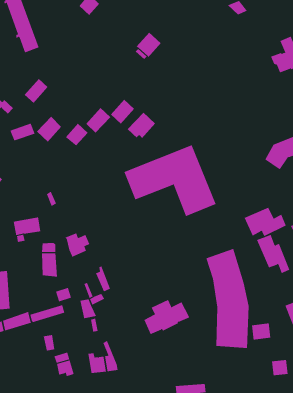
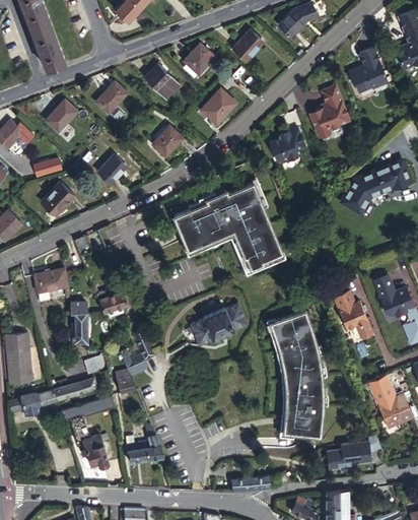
building: none -> [279,10,308,40]
building: none -> [229,27,261,61]
building: none -> [144,64,181,101]
building: none -> [310,87,350,139]
building: none -> [269,129,305,165]
building: [85,107,111,134] -> [95,80,127,113]
building: [127,112,156,139] -> [200,87,235,121]
building: [36,116,62,142] -> [43,184,74,216]
building: [244,207,287,237] -> none
building: [144,299,190,335] -> [190,301,247,344]
building: [251,323,271,340] -> [327,446,351,467]

